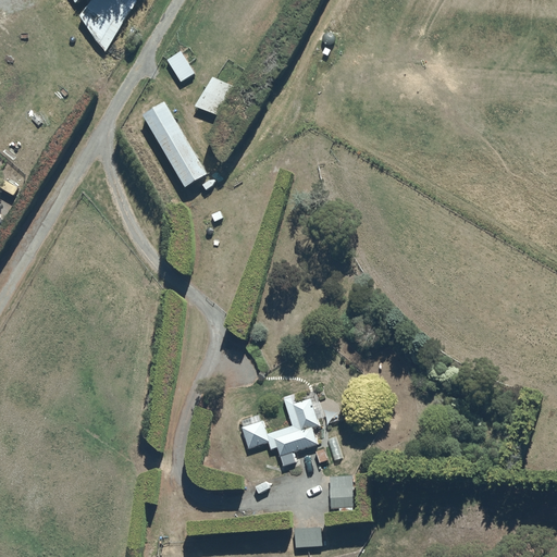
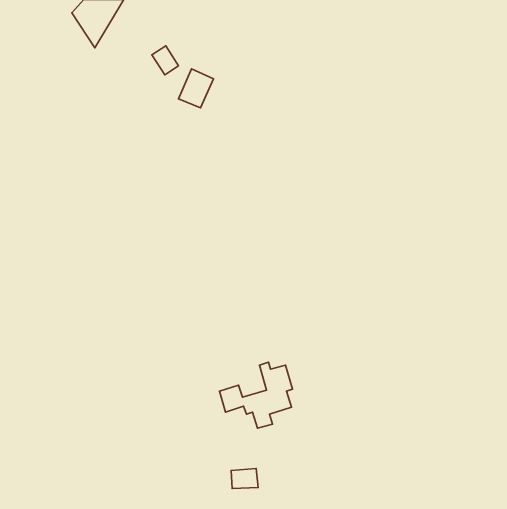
building: [143,100,209,187] -> none
building: [327,474,354,509] -> none
building: [293,527,322,548] -> [231,468,258,488]

